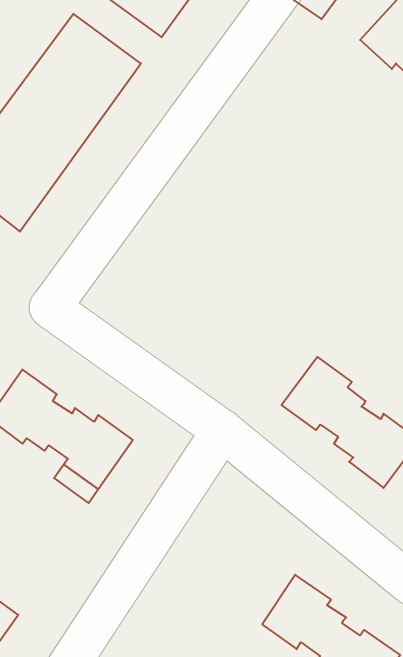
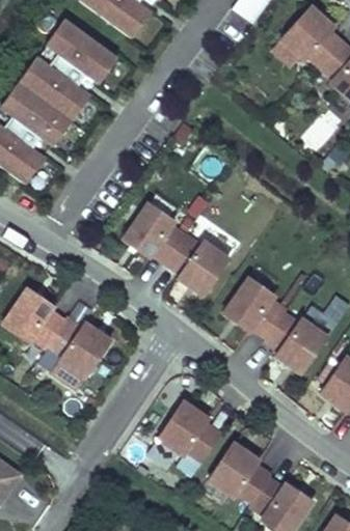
building: none -> [123,201,230,295]
building: none -> [157,400,220,462]

